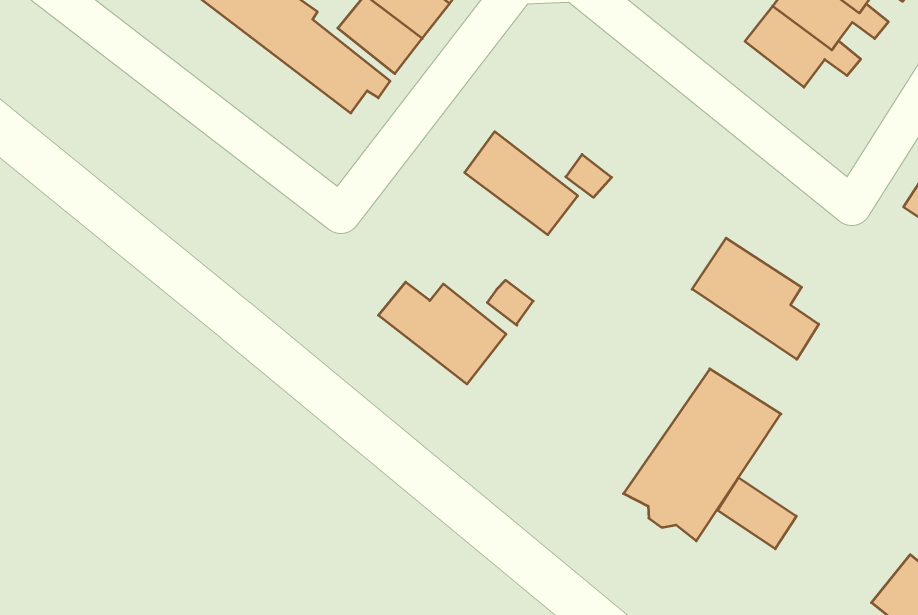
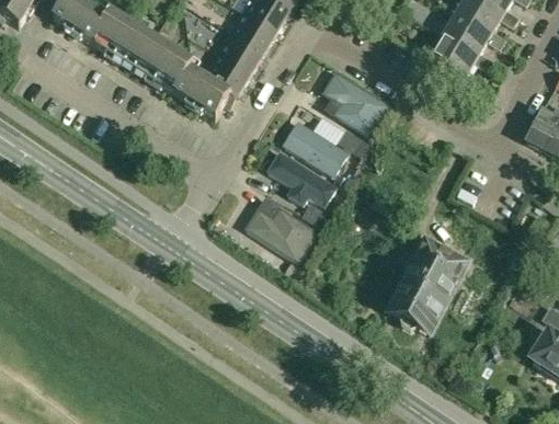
building: none -> [320,70,387,127]
building: none -> [265,151,336,207]
building: [692,238,819,359] -> none
building: [717,477,796,549] -> none

